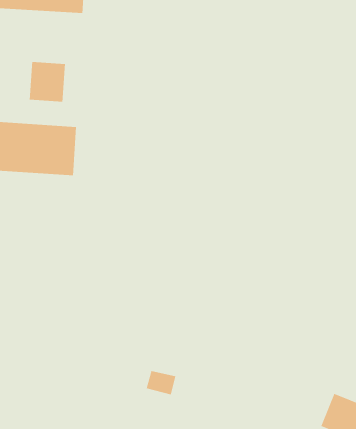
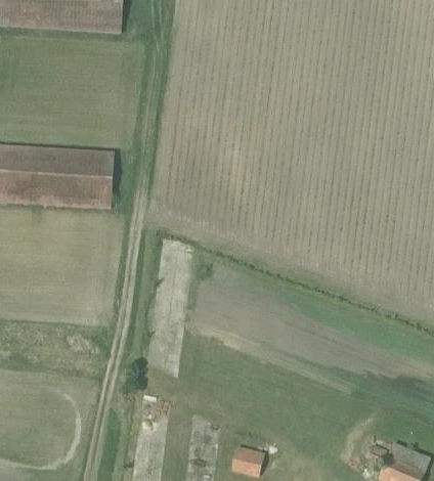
building: [29,61,65,103] -> none
building: [146,370,176,395] -> [231,445,264,472]

